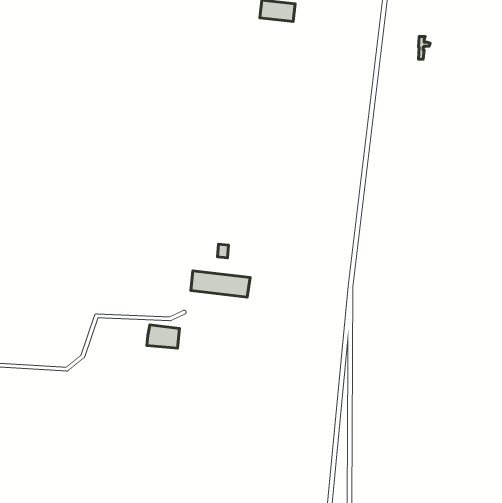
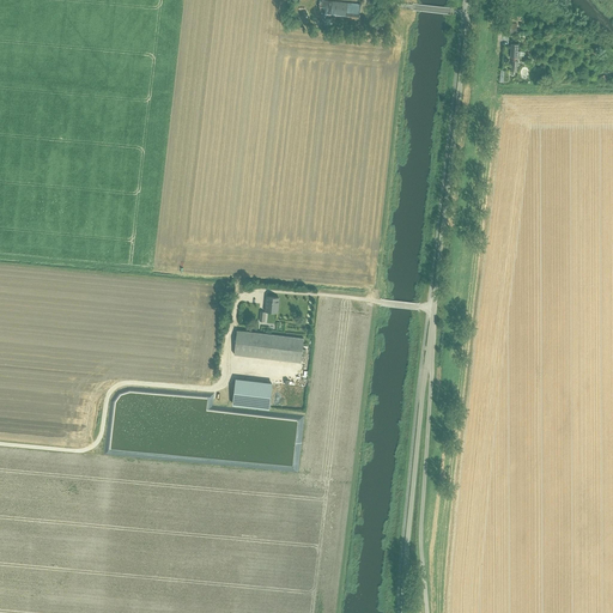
building: [147,325,179,348] -> [231,380,271,408]

